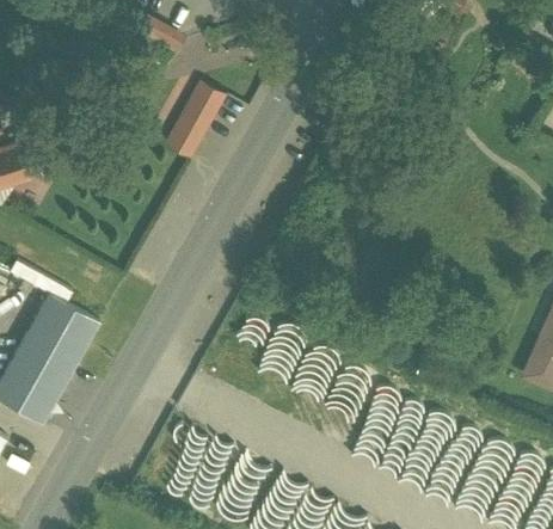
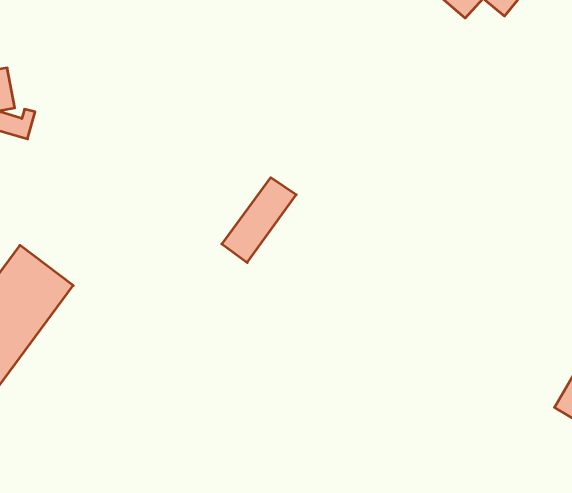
building: [167,81,226,156] -> [222,178,296,263]

